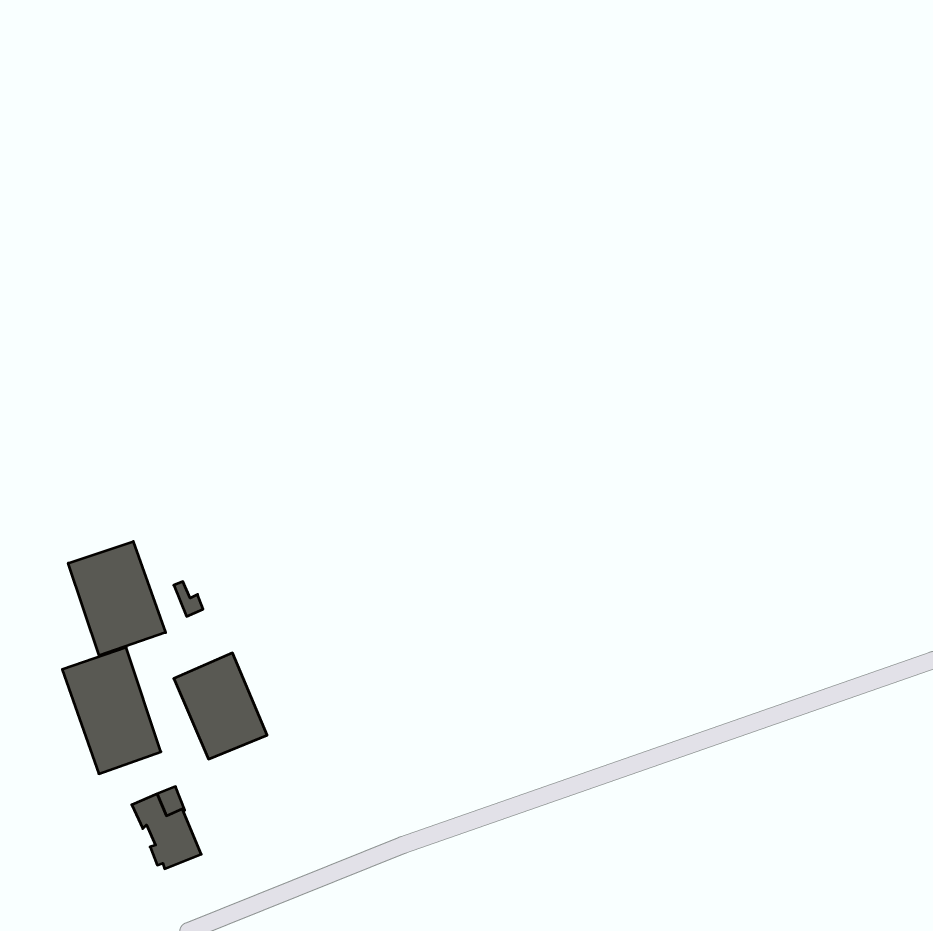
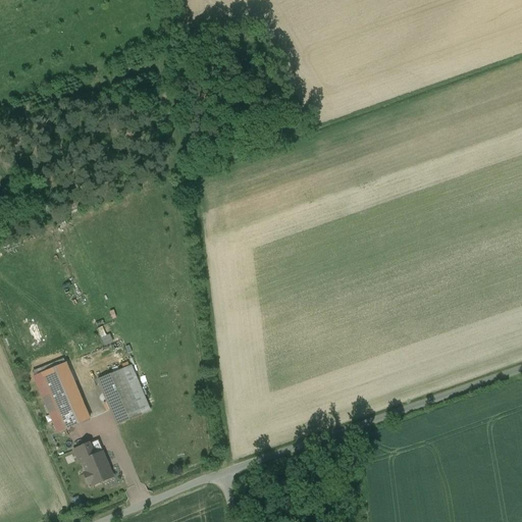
building: [68,541,166,655] -> none

